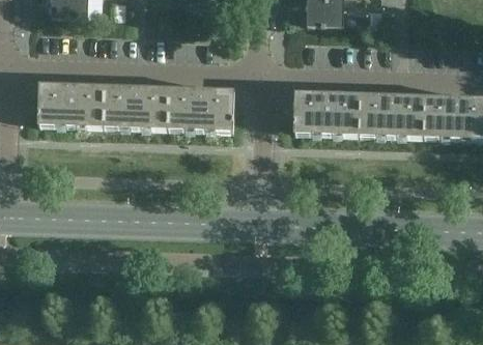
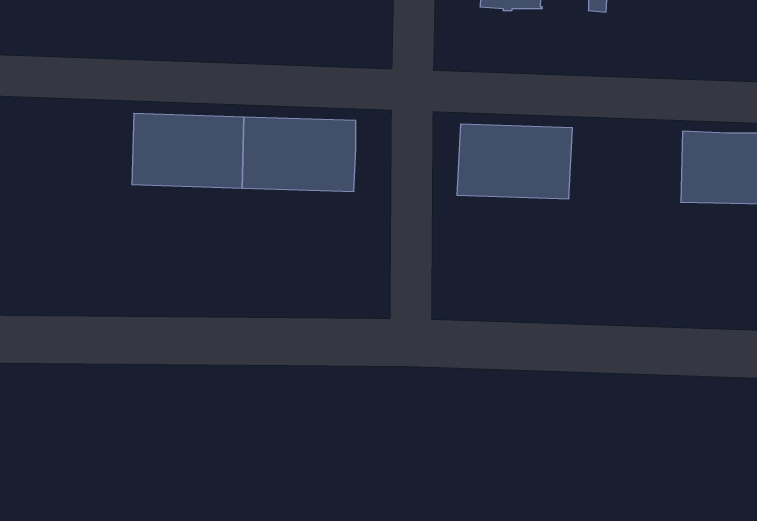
building: [37,83,104,126] -> none
building: [358,93,424,137] -> none

